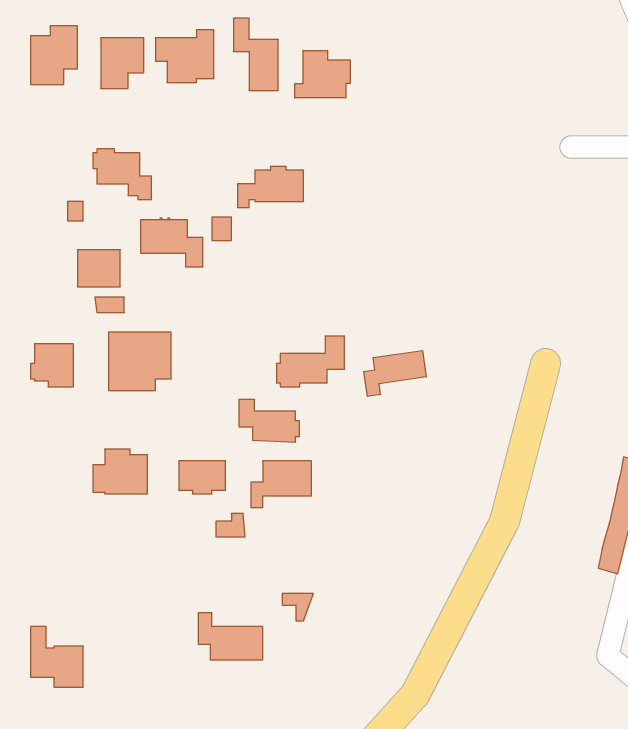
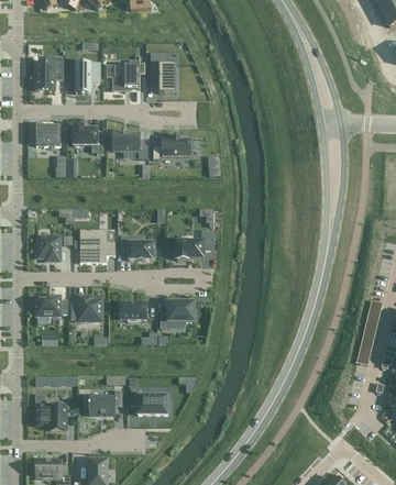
building: [295,50,350,98] -> none
building: [141,218,203,267] -> [113,131,149,158]
building: [77,250,120,287] -> [36,124,60,145]
building: [364,351,426,396] -> none
building: [239,399,299,442] -> [121,235,155,260]
building: none -> [36,295,67,315]
building: none -> [89,390,122,414]

